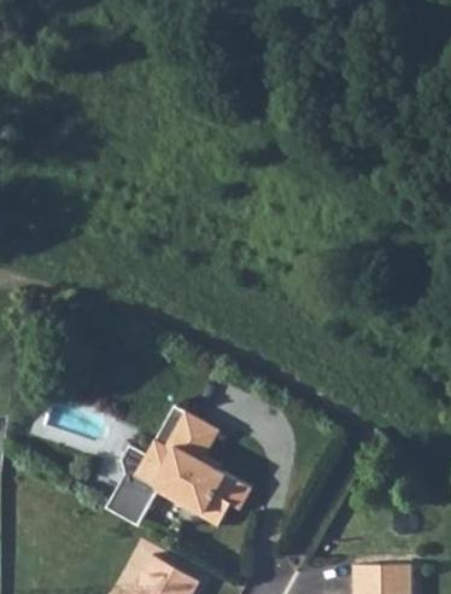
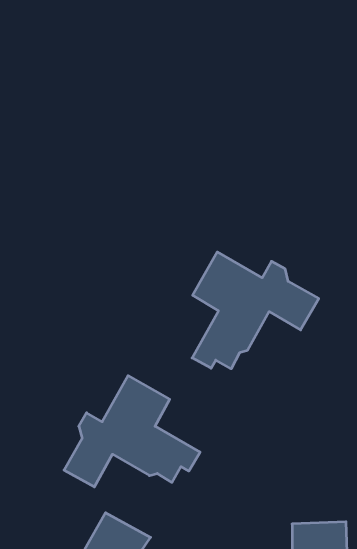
building: none -> [192,252,319,369]

